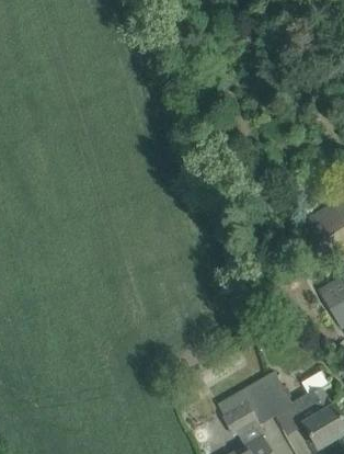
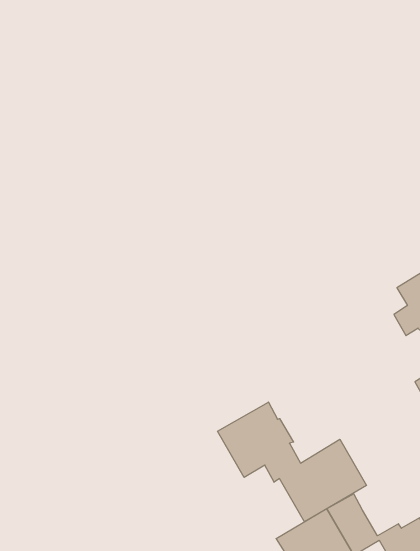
building: none -> [218,402,366,522]

